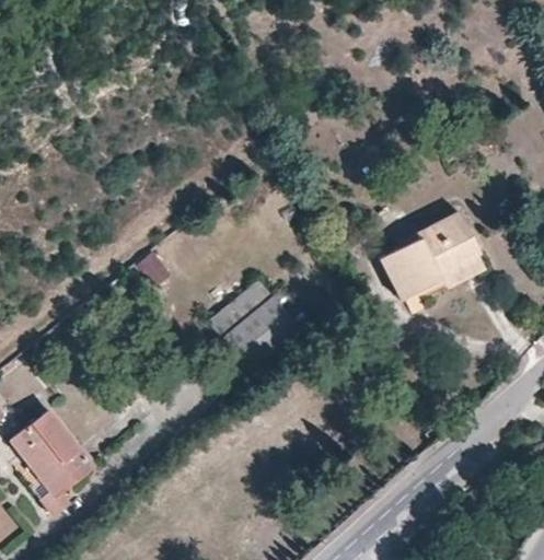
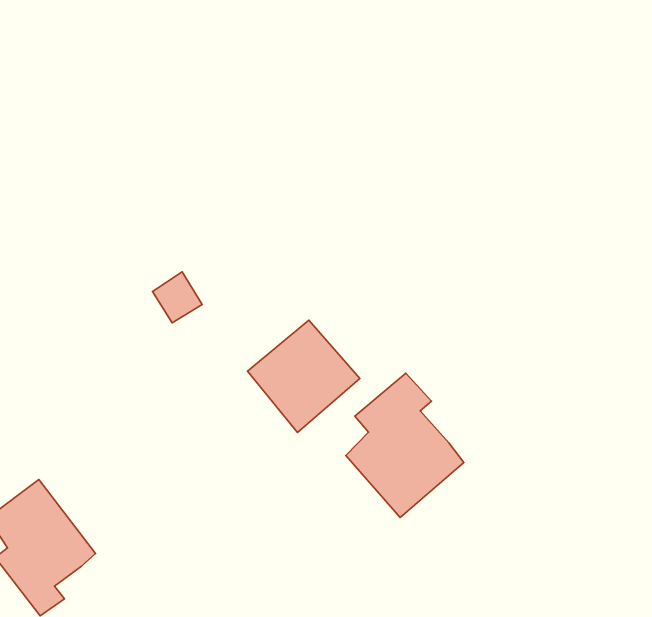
building: [380,208,485,306] -> none
building: none -> [346,373,464,517]

